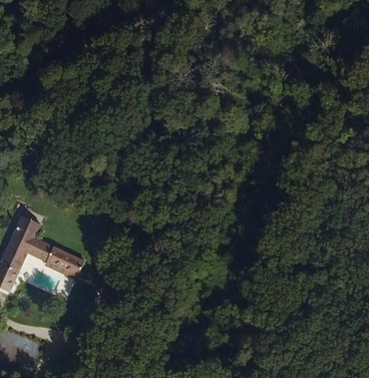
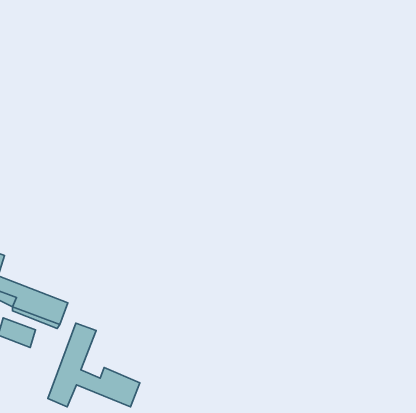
building: none -> [48,323,140,407]

